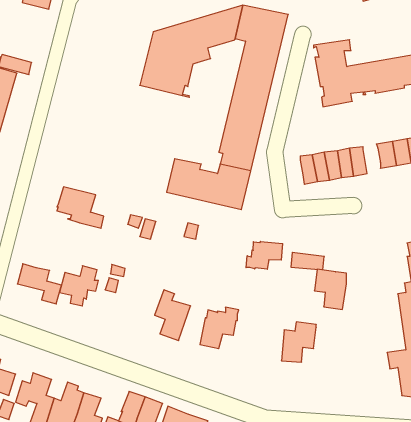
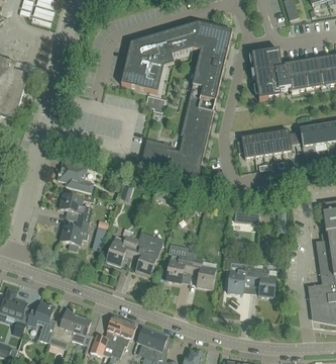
building: [246,241,283,269] -> none
building: [17,264,62,304] -> [59,192,92,222]
building: [314,269,346,309] -> [251,266,275,296]
building: none -> [106,234,138,265]
building: none -> [191,256,215,288]

